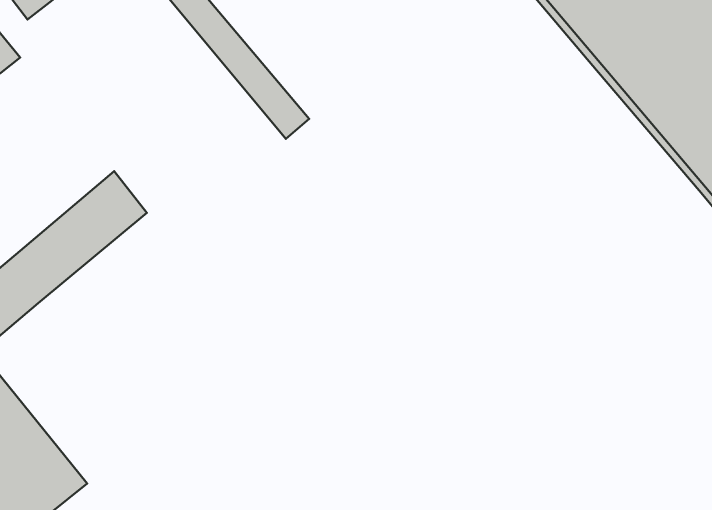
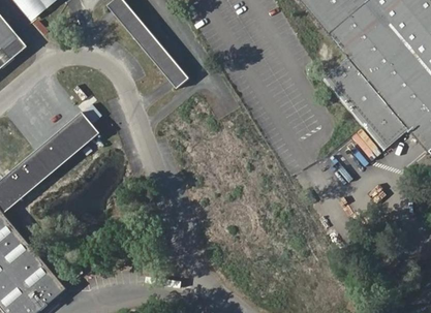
building: none -> [328,53,414,146]

